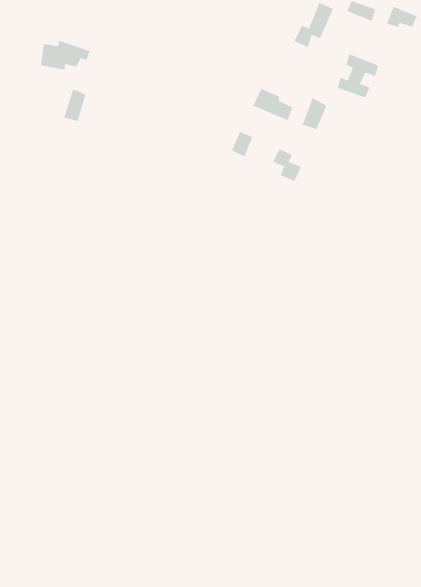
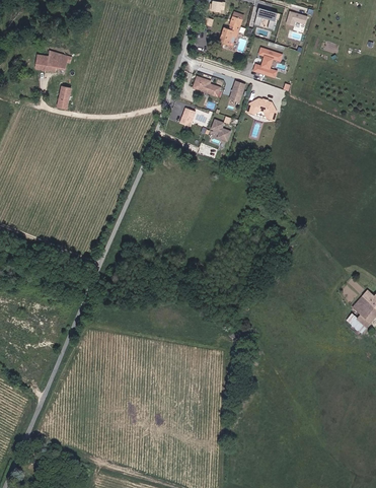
building: none -> [246,97,277,121]

